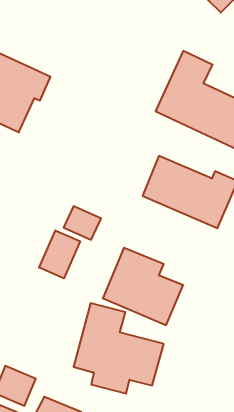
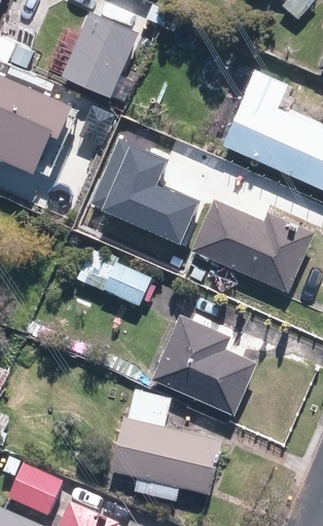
building: none -> [56,13,130,98]
building: none -> [85,142,194,246]
building: [39,230,80,278] -> none

